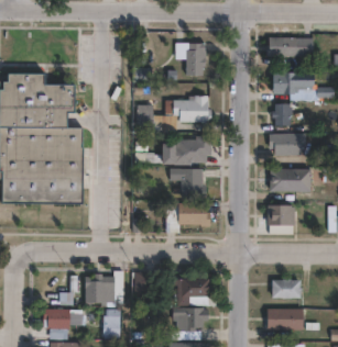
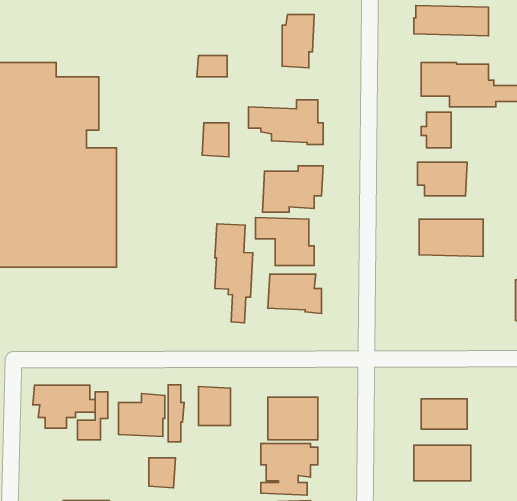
building: none -> [215,224,253,323]
building: [266,205,295,226] -> none
building: [43,310,81,336] -> [33,385,95,428]

